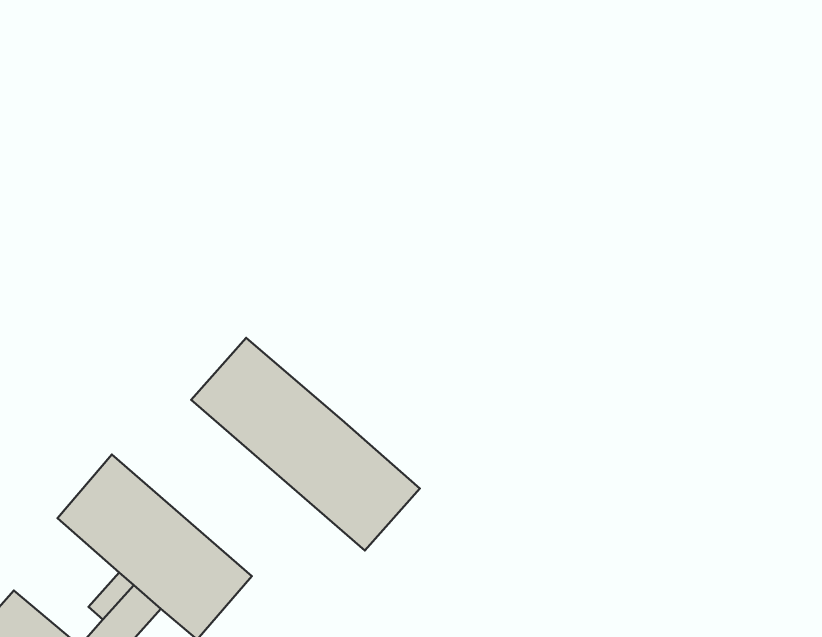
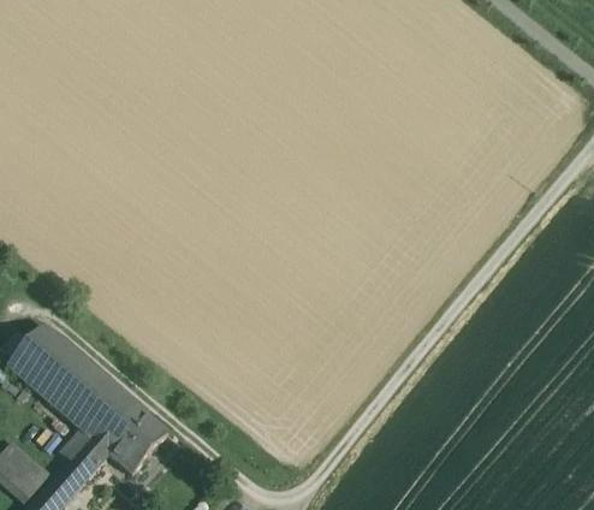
building: [191,338,420,551] -> none
building: none -> [11,324,76,391]

